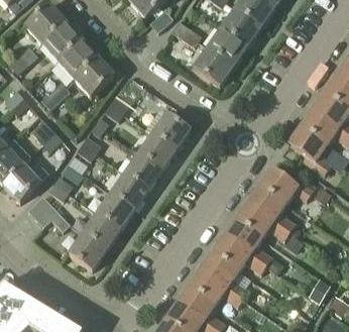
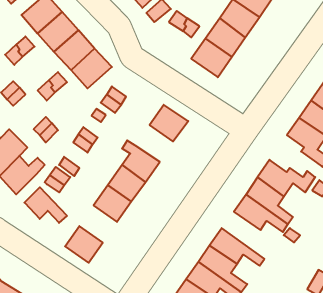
building: [138,133,176,170] -> none
building: [83,213,120,249] -> none
building: [224,219,272,265] -> none

